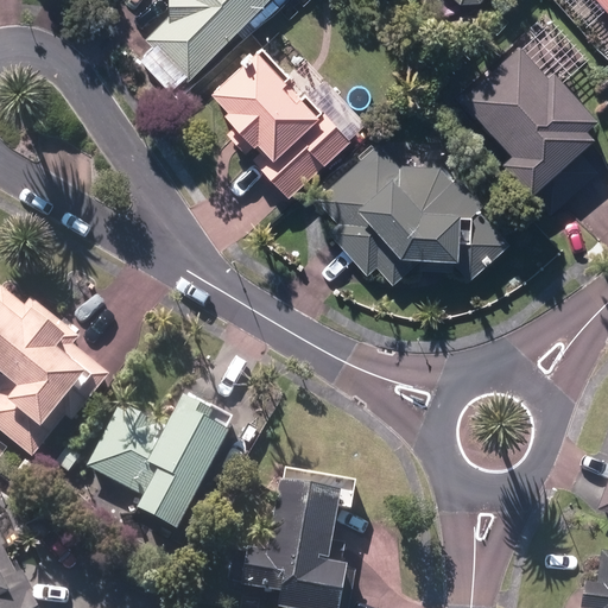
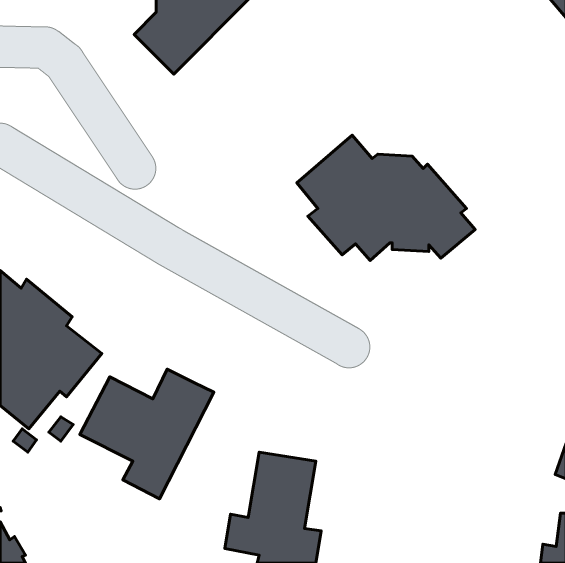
building: [460,48,597,213] -> none
building: [210,49,348,197] -> none

